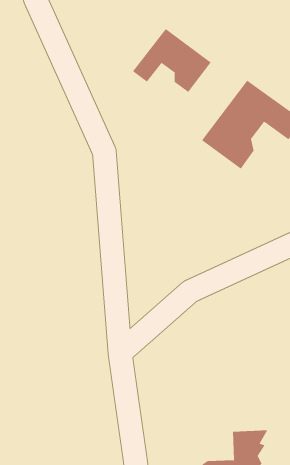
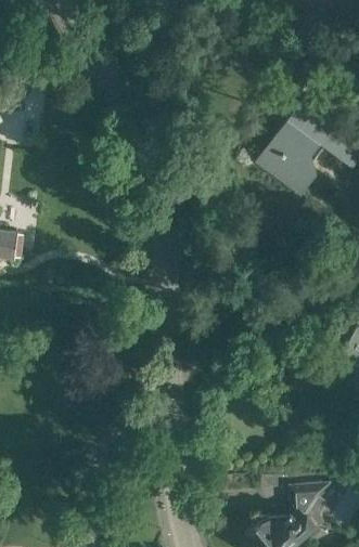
building: [132,28,212,93] -> none

